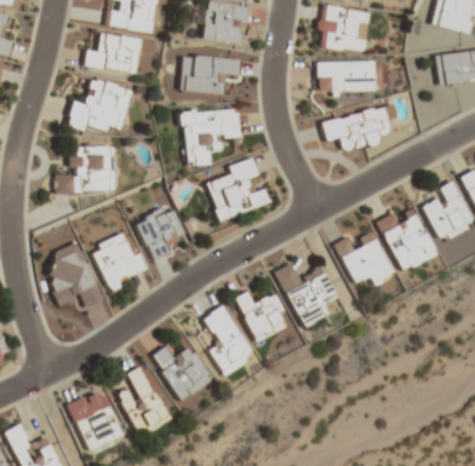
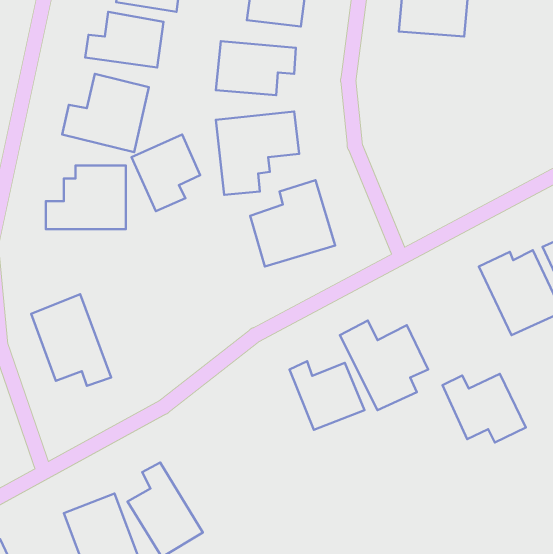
building: [316,61,383,91] -> none
building: [321,105,390,151] -> none
building: [135,203,185,260] -> [131,134,200,211]
building: [90,229,148,289] -> none
building: [333,235,395,286] -> [443,374,526,442]
building: [201,304,254,375] -> none
building: [150,344,213,401] -> none

